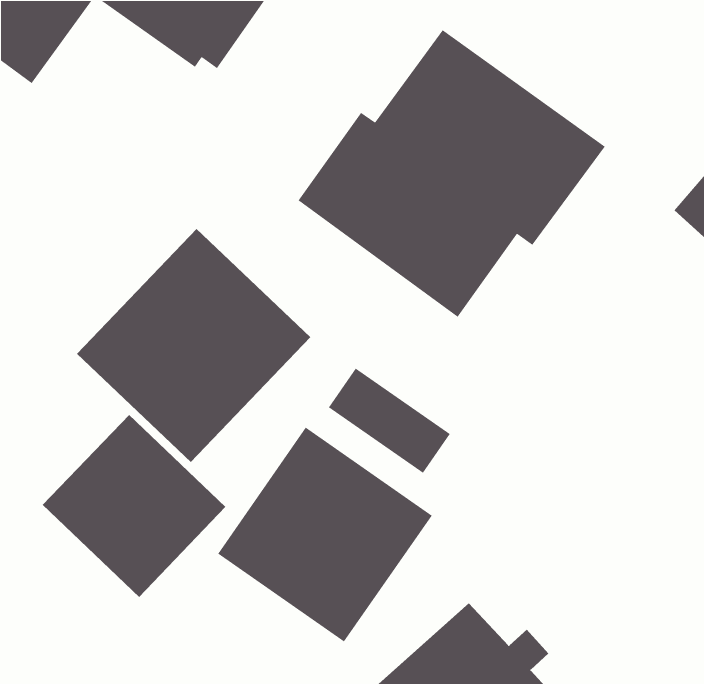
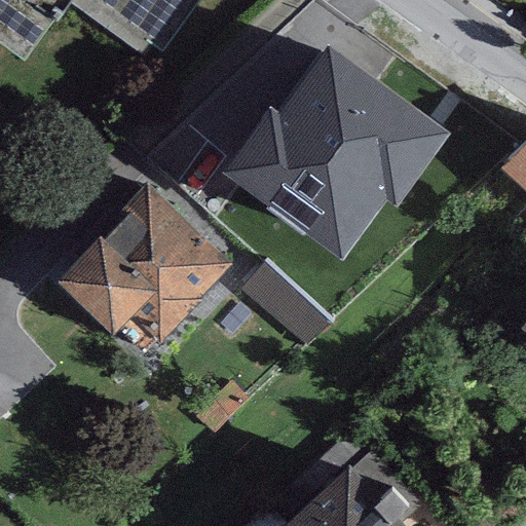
building: [42,414,226,598] -> none
building: [217,427,433,643] -> none

